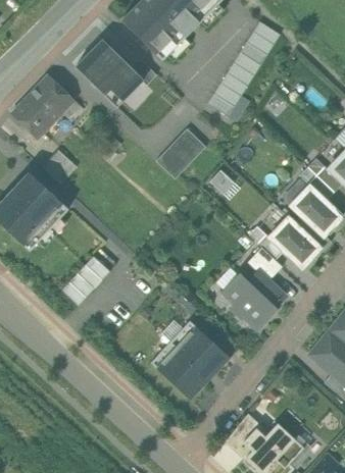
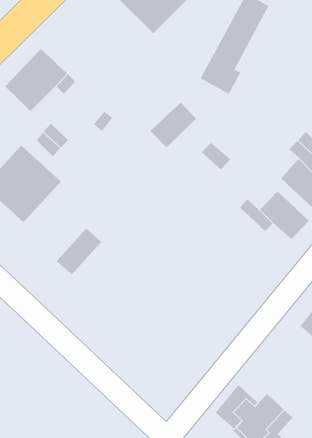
building: [75,39,143,106] -> none
building: [224,271,284,327] -> none
building: [150,320,230,400] -> none

